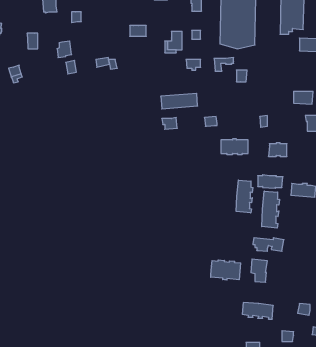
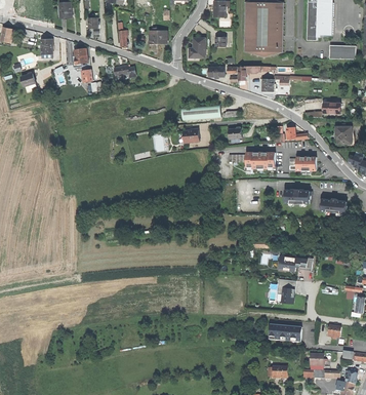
building: [236,180,253,213] -> none
building: [262,191,280,228] -> none
building: [211,260,241,280] -> none

